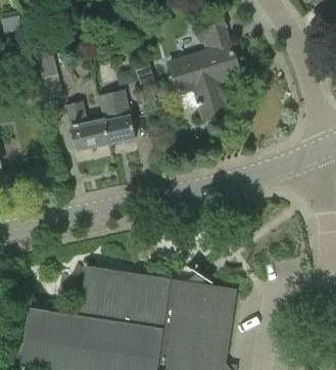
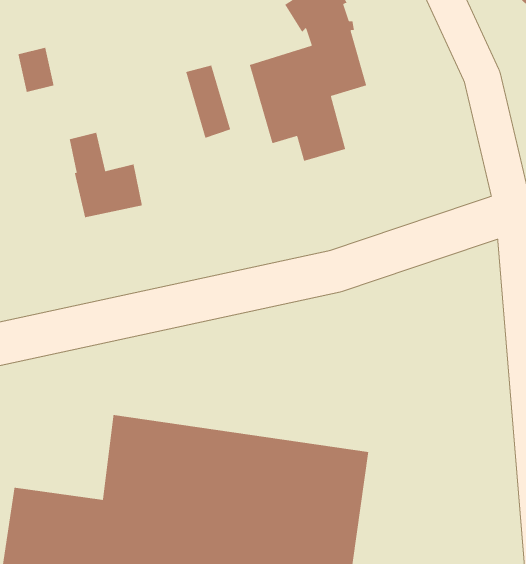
building: [99,91,136,145] -> none

